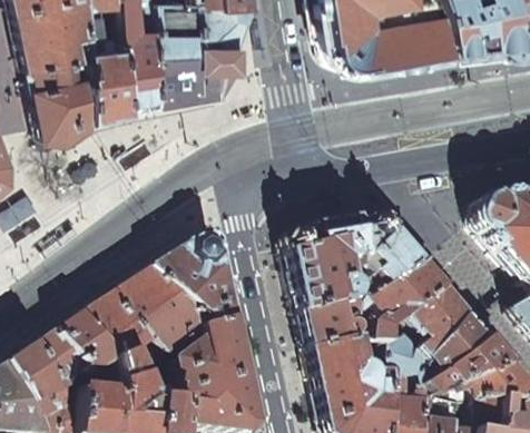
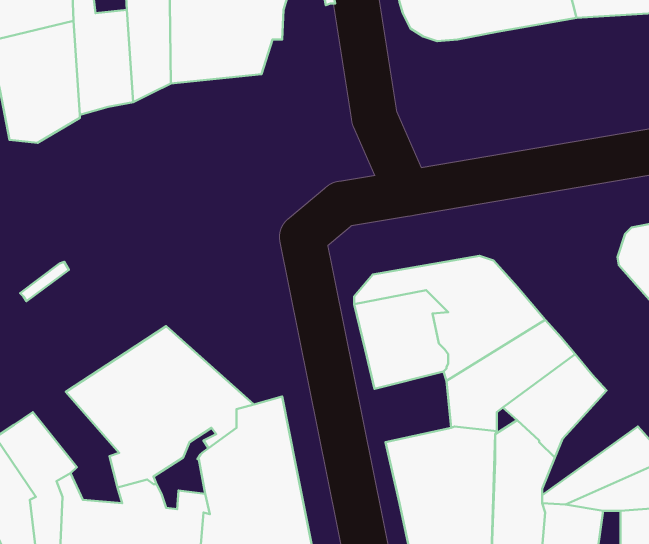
building: [158,233,241,323] -> none
building: [306,299,361,350] -> none
building: [425,313,493,387] -> none
building: [63,314,127,393] -> none

